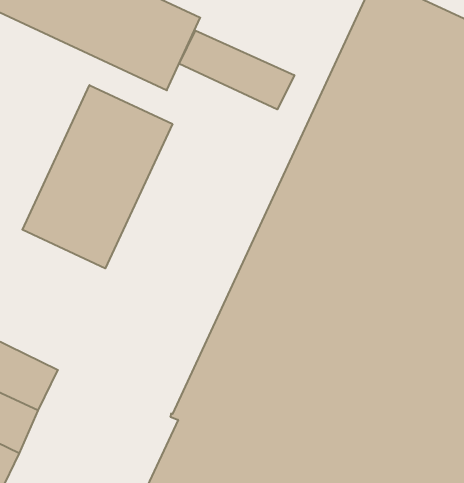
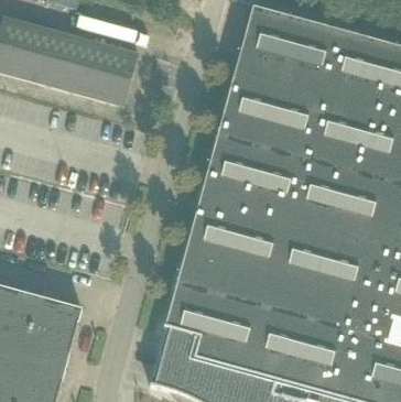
building: [179,30,294,109] -> none
building: [22,85,172,268] -> none

